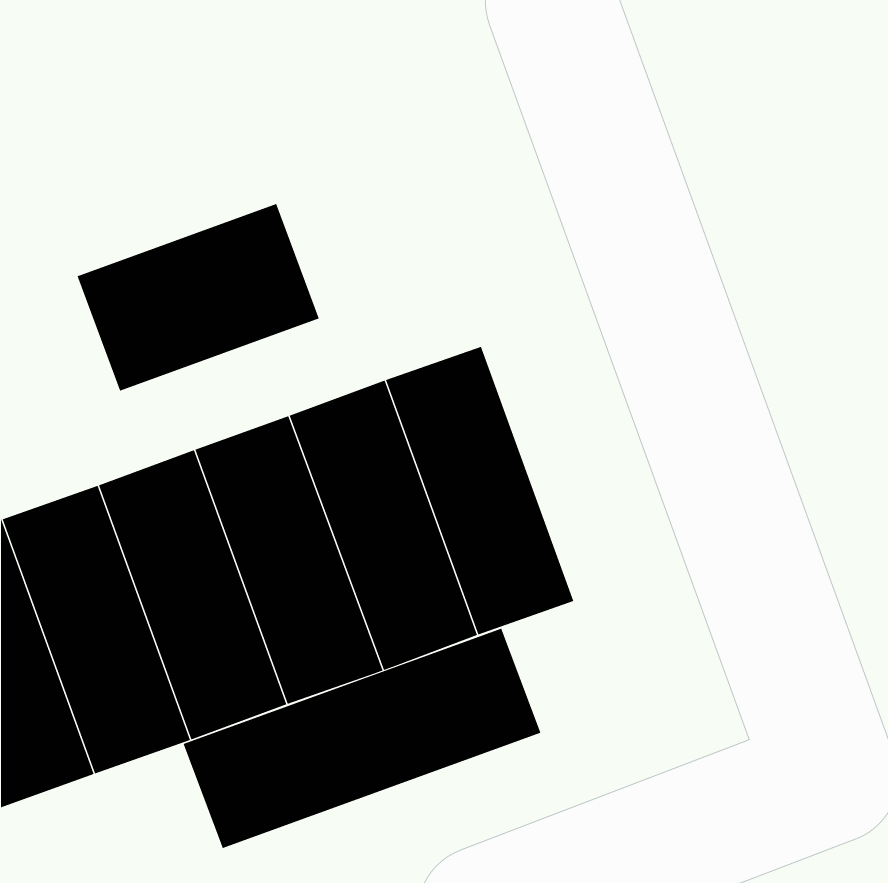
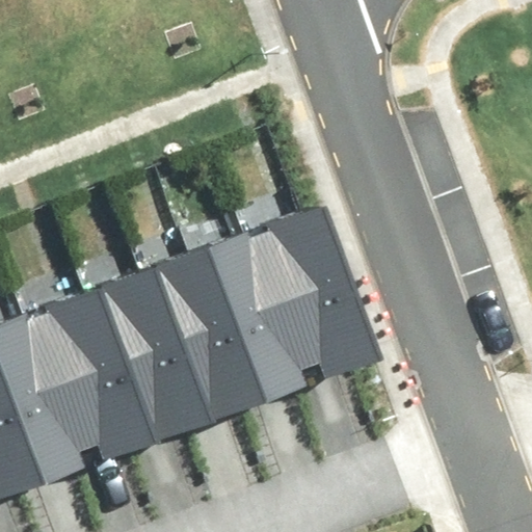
building: [77,203,319,392] -> none
building: [183,628,541,849] -> none

